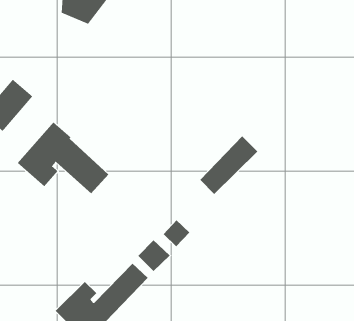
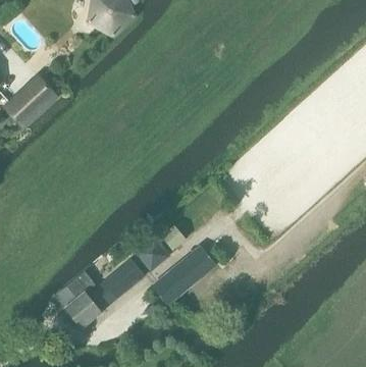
building: [17,121,109,194] -> none
building: [199,136,258,195] -> [155,251,212,303]

